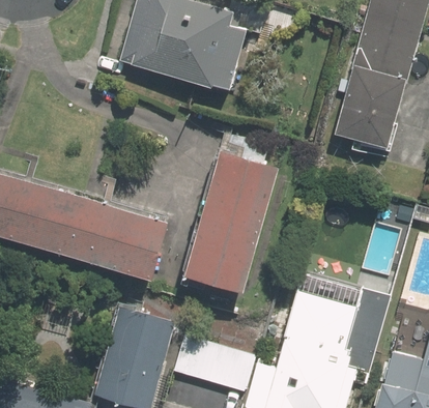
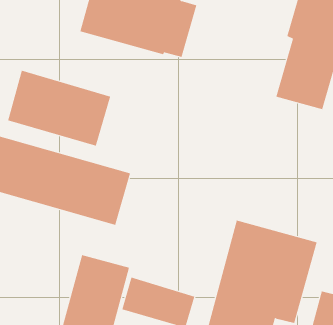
building: none -> [8,70,111,146]
building: [182,133,278,294] -> none

